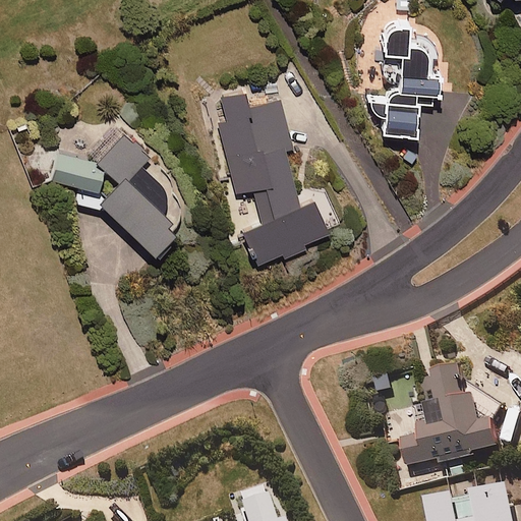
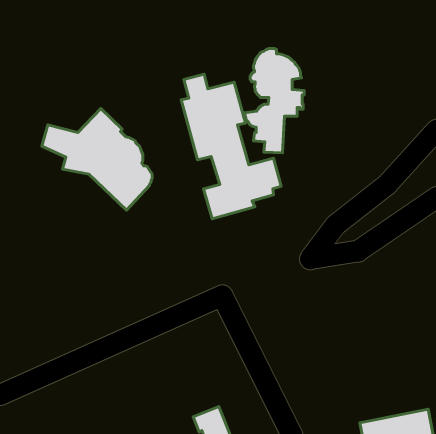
building: [368,23,440,148] -> [244,49,304,153]
building: [403,371,506,470] -> none

